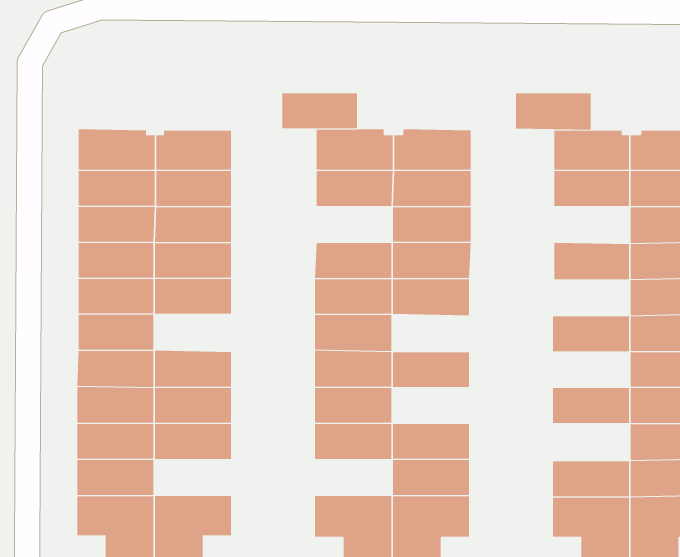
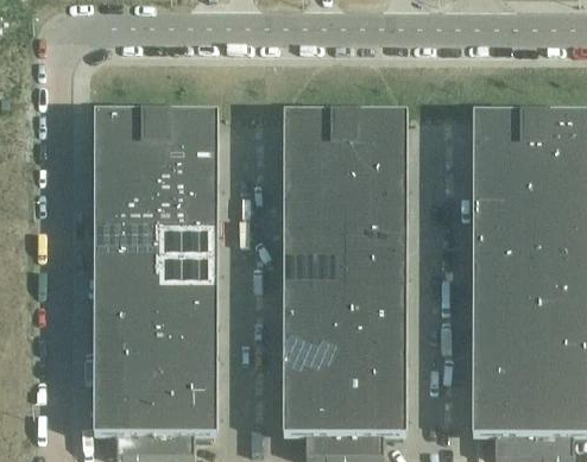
building: [281,93,358,129] -> [284,170,345,198]
building: [515,93,591,130] -> [473,170,534,200]
building: none -> [472,228,534,257]
building: none -> [156,255,217,285]
building: none -> [345,255,406,285]
building: none -> [472,285,534,314]
building: none -> [345,314,406,342]
building: none -> [472,342,534,372]
building: none -> [156,371,217,399]
building: none -> [283,371,345,399]

